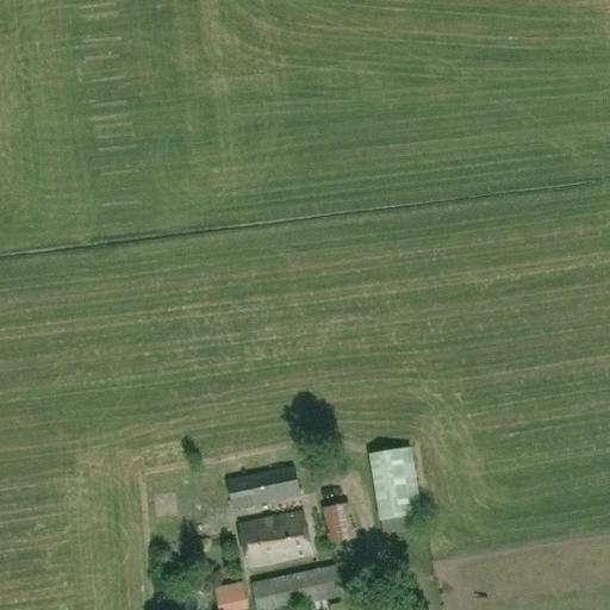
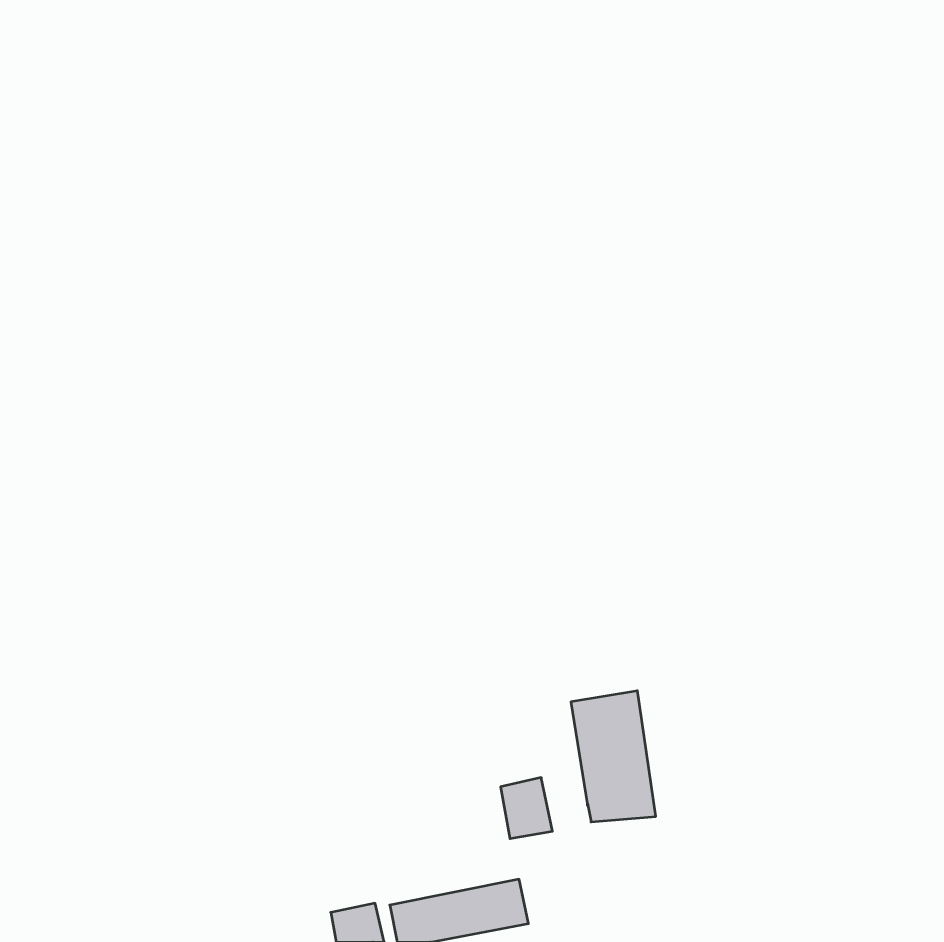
building: [226,465,300,508] -> none
building: [239,511,312,567] -> none

